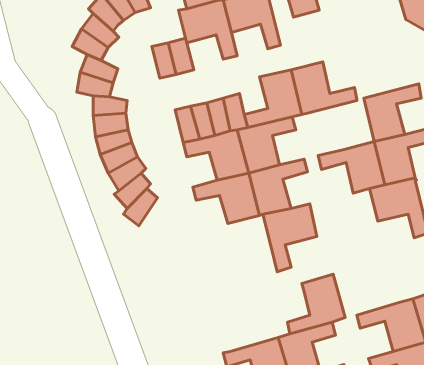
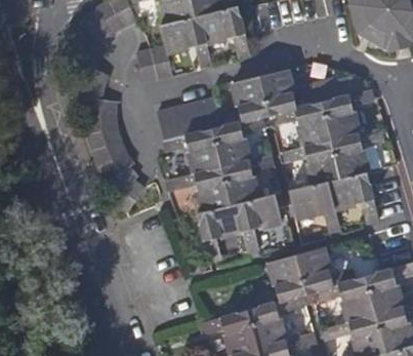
building: none -> [274,101,332,146]
building: none -> [289,180,340,232]
building: none -> [197,202,242,262]
building: none -> [296,247,355,292]

